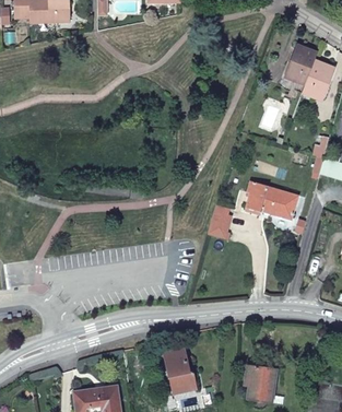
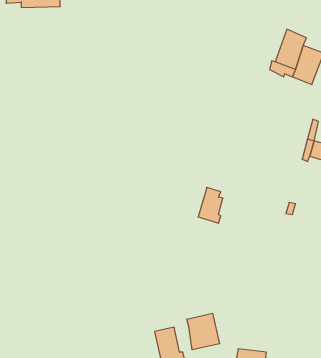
building: [245,180,298,220] -> none
building: none -> [187,313,219,350]

